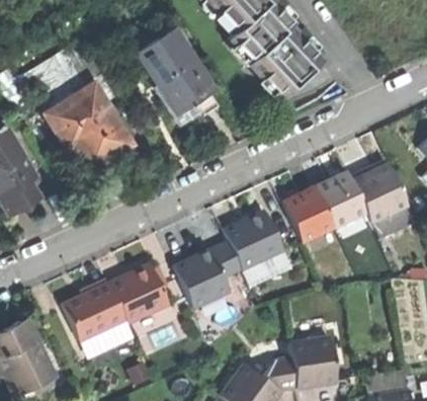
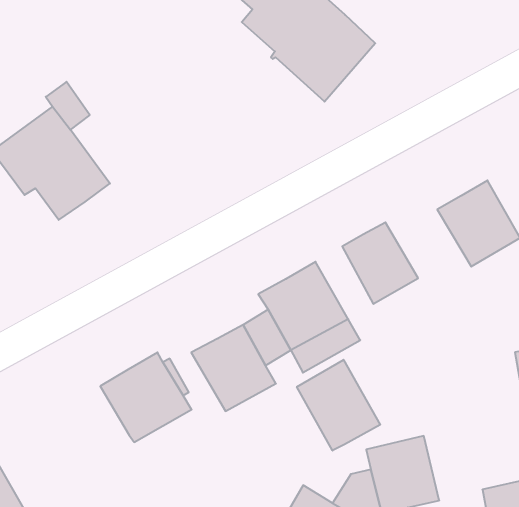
building: [137,28,212,114] -> none
building: [316,170,367,227] -> none
building: none -> [297,360,380,451]
building: [64,284,126,340] -> none

